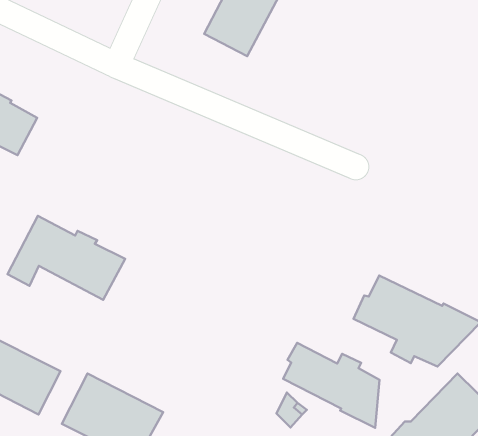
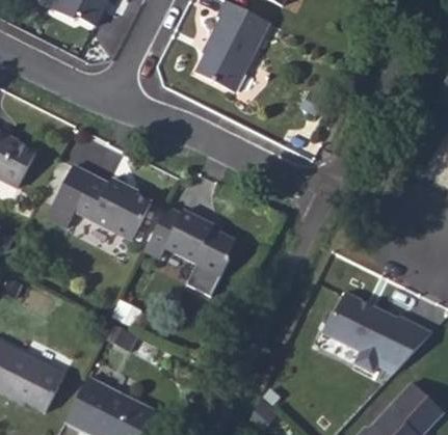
building: none -> [148,207,240,298]
building: [7,216,125,300] -> [51,164,156,239]
building: [283,343,380,428] -> none

